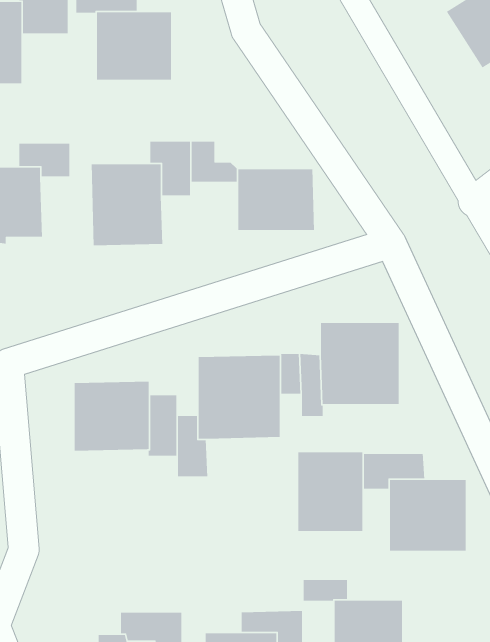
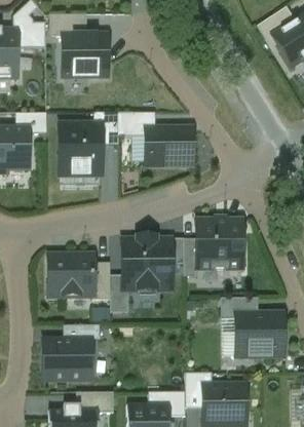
building: [297,451,363,532] -> none
building: none -> [41,333,97,380]

